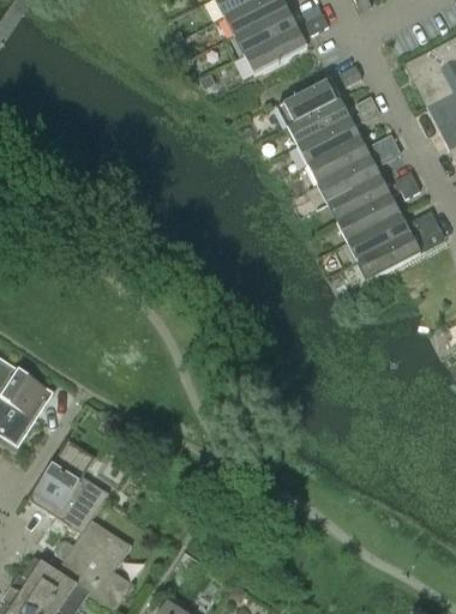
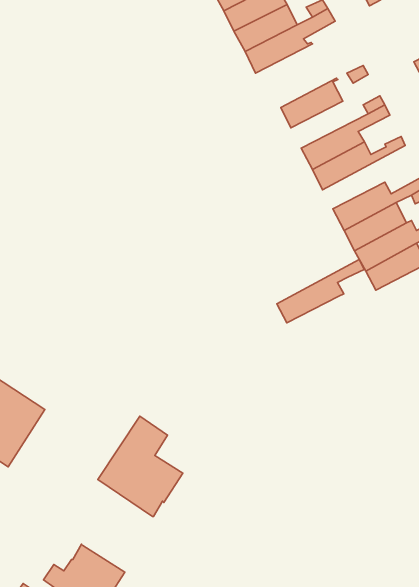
building: [288,100,347,144] -> none
building: [318,142,401,201] -> [277,260,364,323]
building: [29,438,109,532] -> [98,416,183,516]

